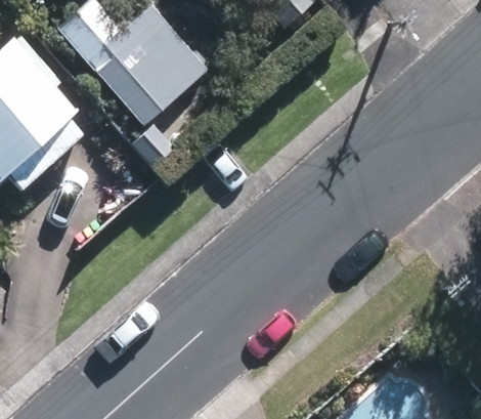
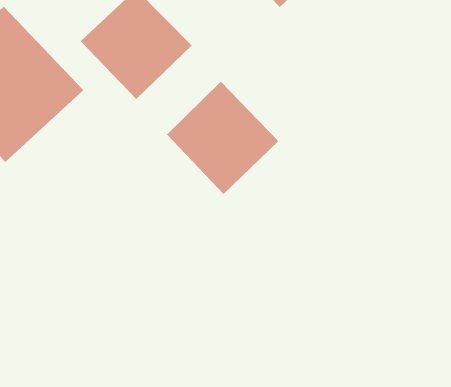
building: none -> [166,81,279,195]

